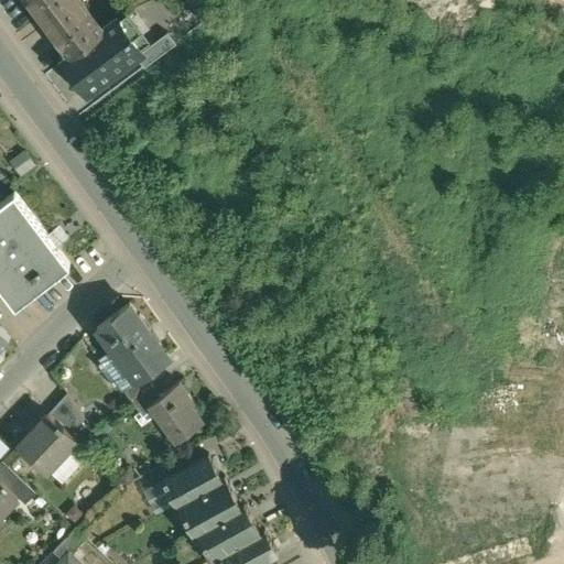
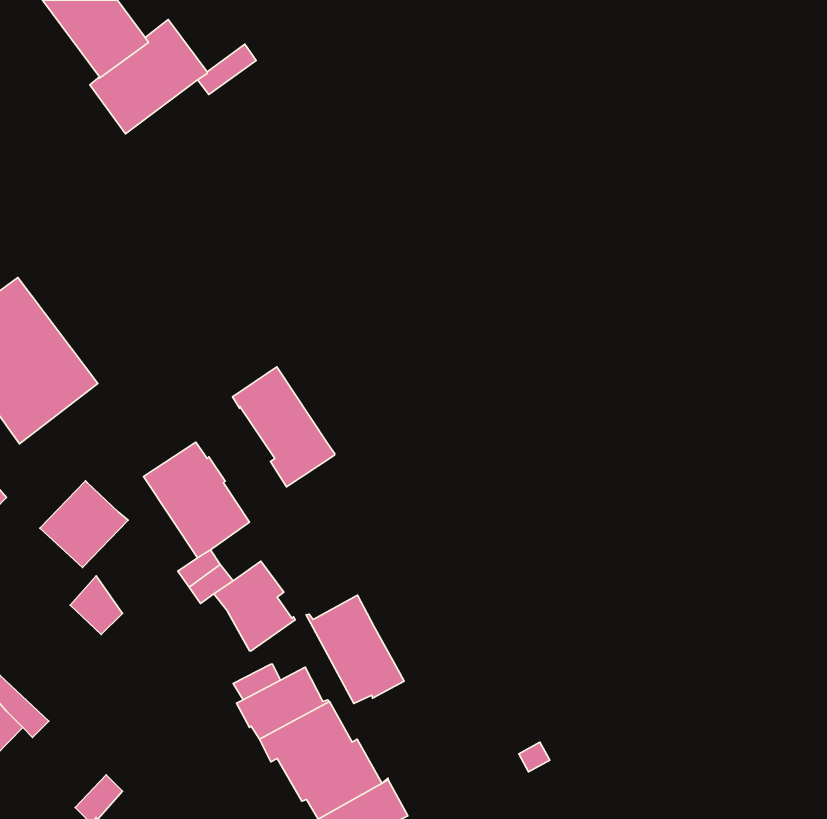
building: none -> [233,367,335,487]
building: none -> [306,595,404,704]
building: [15,417,75,476] -> [40,481,128,567]

